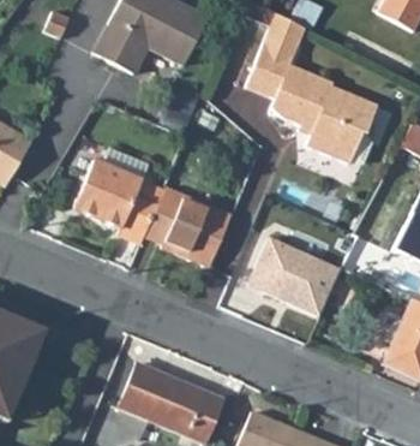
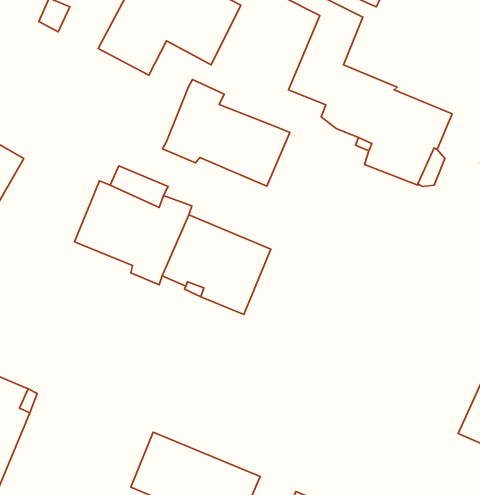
building: none -> [163,79,290,186]
building: [252,234,343,316] -> none

